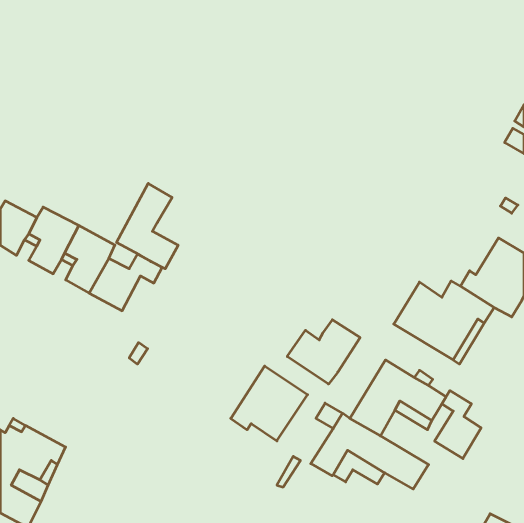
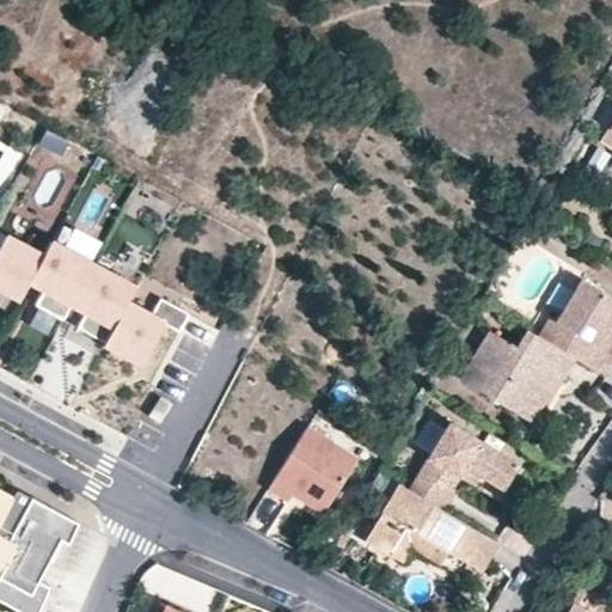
building: [117,183,178,269] -> none
building: [287,320,360,384] -> none
building: [435,391,481,459] -> none

